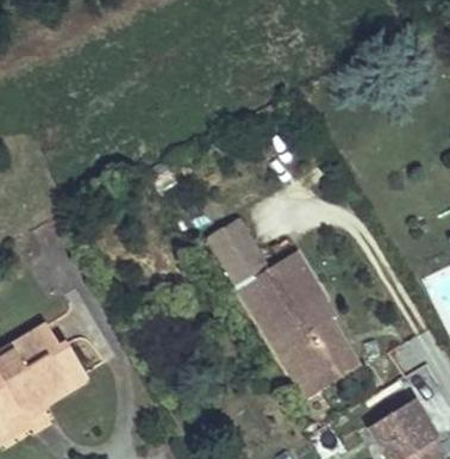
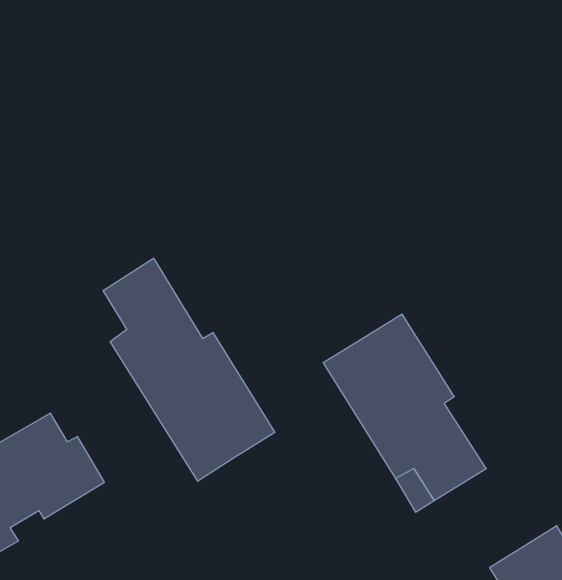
building: none -> [103,258,275,481]
building: [218,234,269,289] -> none

